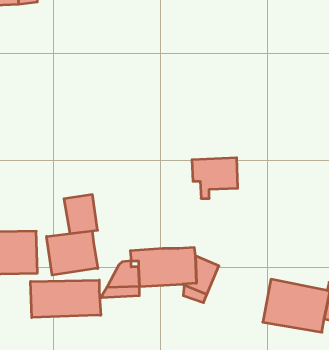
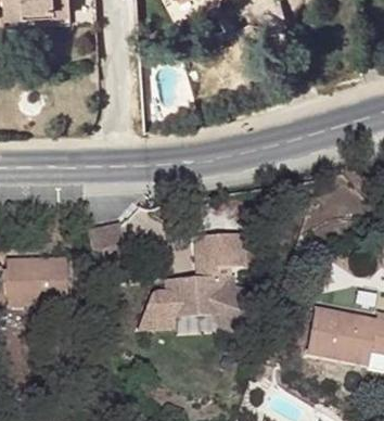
building: [192,158,238,198] -> [197,234,246,278]
building: [47,231,98,275] -> none
building: [31,280,101,318] -> none

